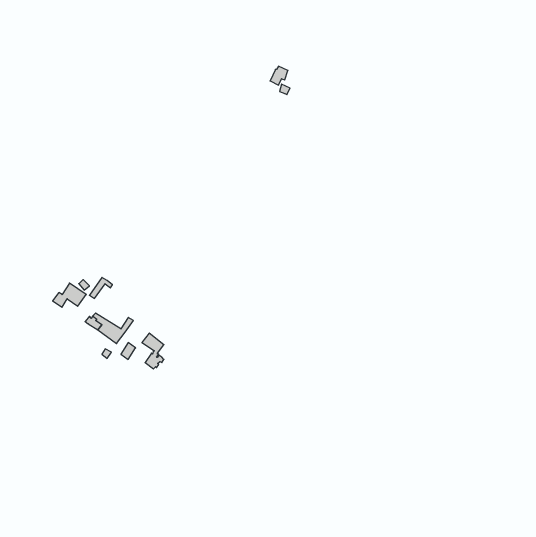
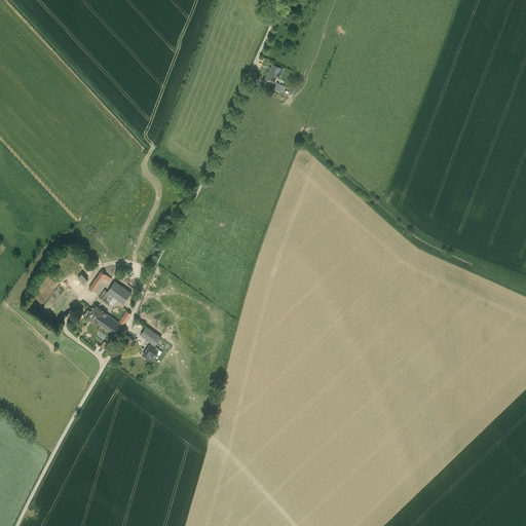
building: [53,283,86,307] -> [98,280,130,304]

